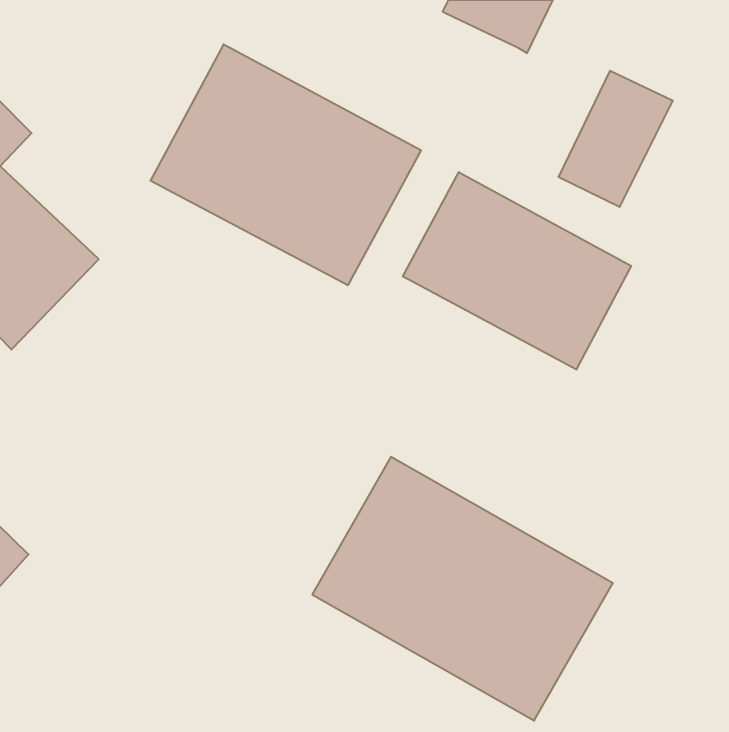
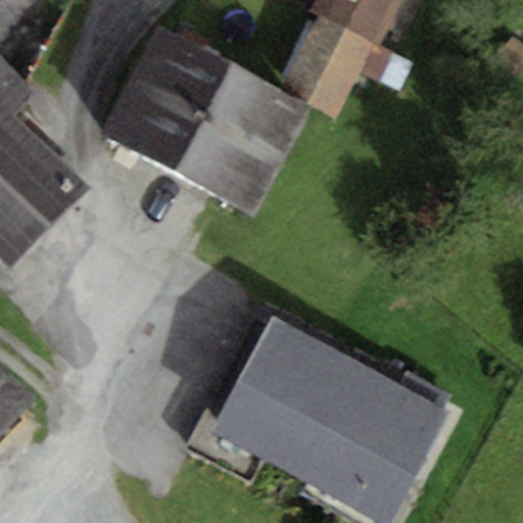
building: [558,71,673,207] -> [287,12,369,109]
building: [403,172,631,370] -> none

